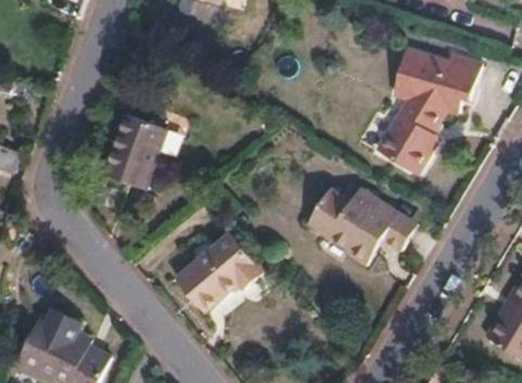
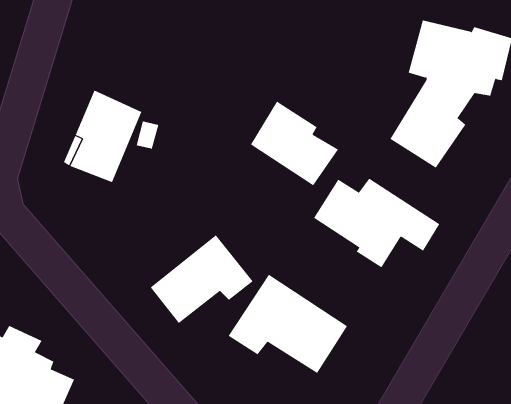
building: none -> [250,101,339,186]
building: none -> [228,274,348,374]

